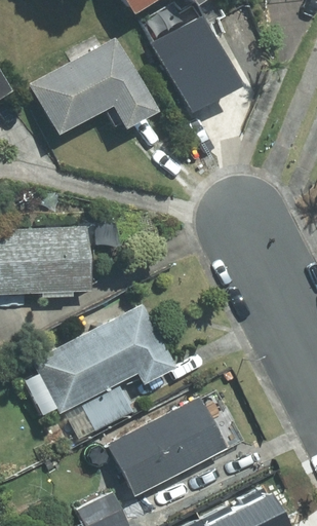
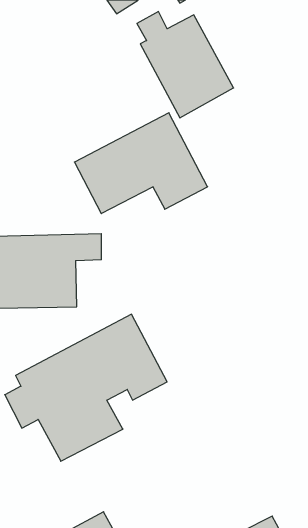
building: [28,38,155,135] -> [74,113,208,214]
building: [110,396,226,495] -> none

